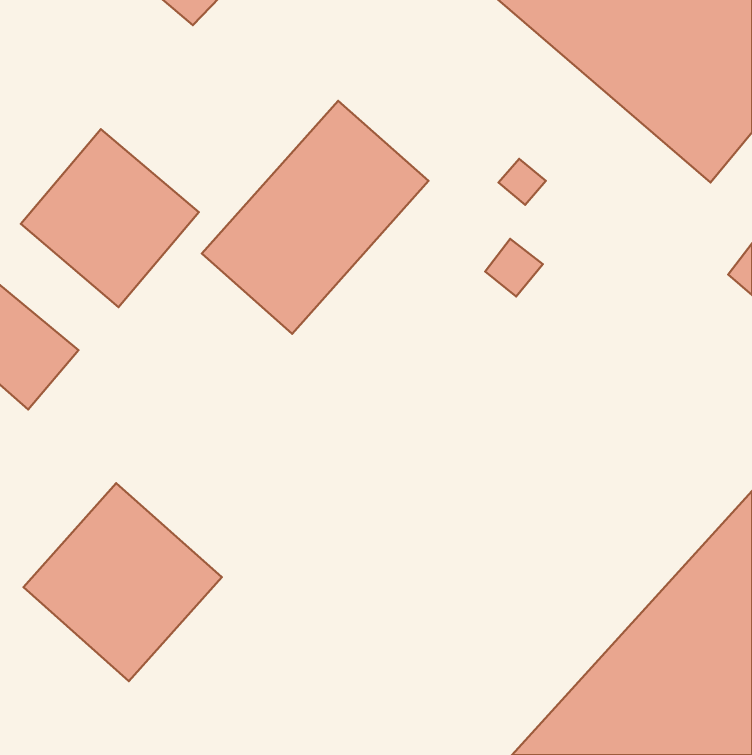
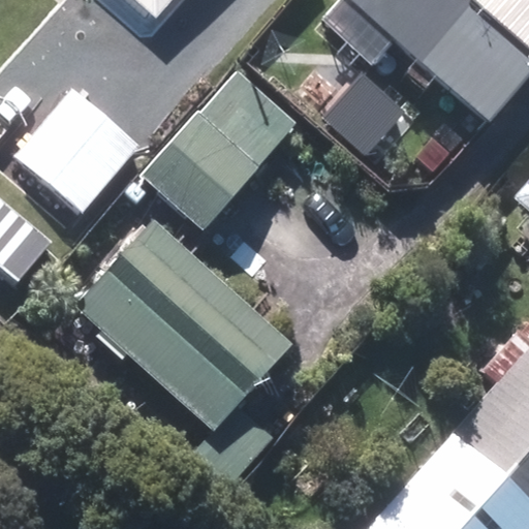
building: none -> [77,223,295,432]
building: [23,483,222,681] -> none

